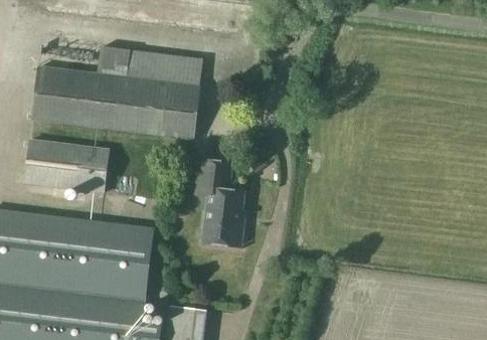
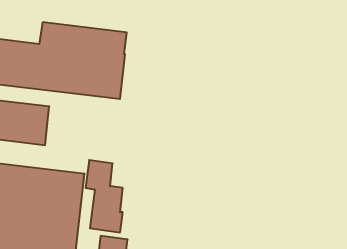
building: [198,159,242,245] -> [86,160,123,232]

